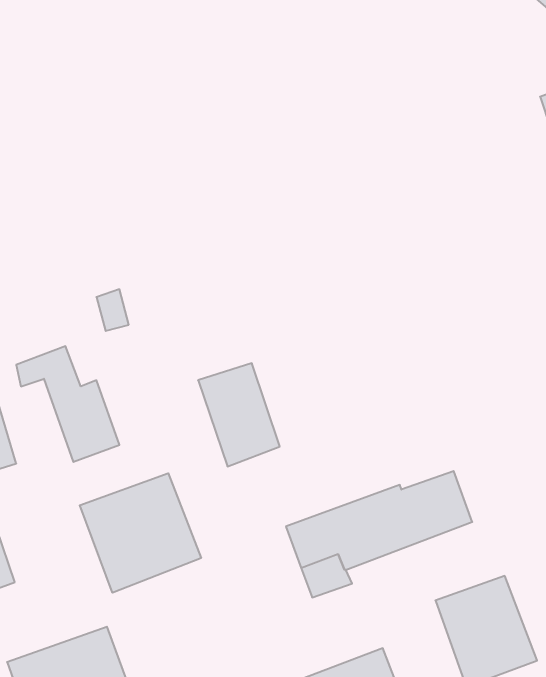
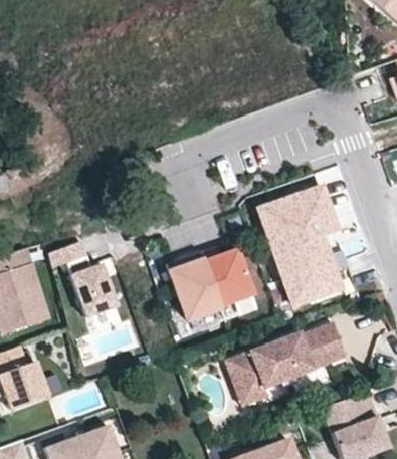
building: none -> [258,187,342,307]
building: none -> [203,248,254,307]
building: [80,473,201,593] -> none

